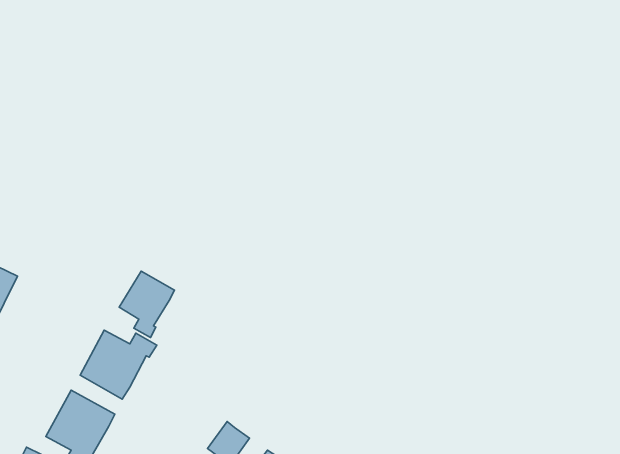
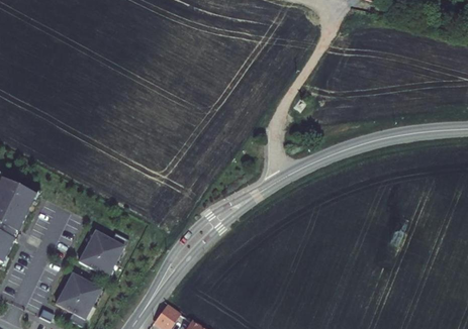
building: [119,271,175,338] -> none

